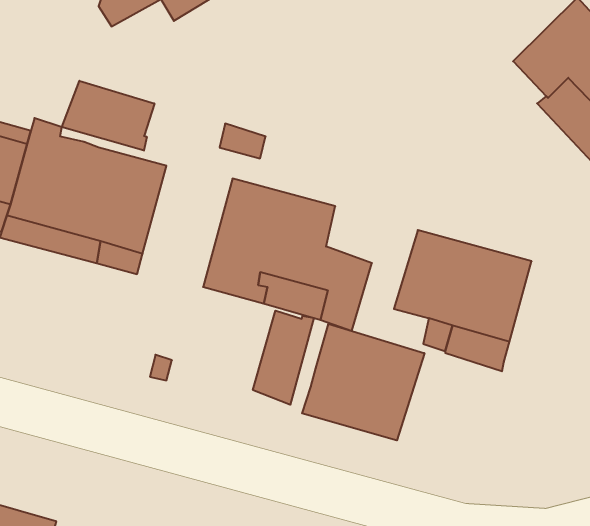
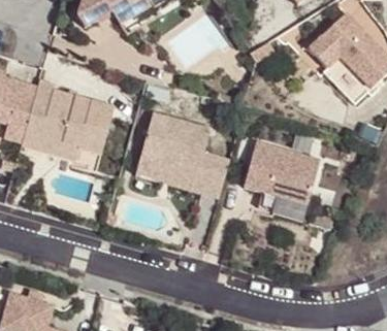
building: [62,81,154,151] -> none
building: [253,311,314,405] -> none
building: [302,324,424,440] -> none

